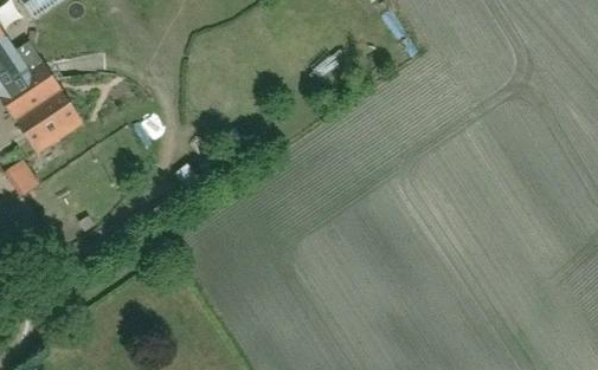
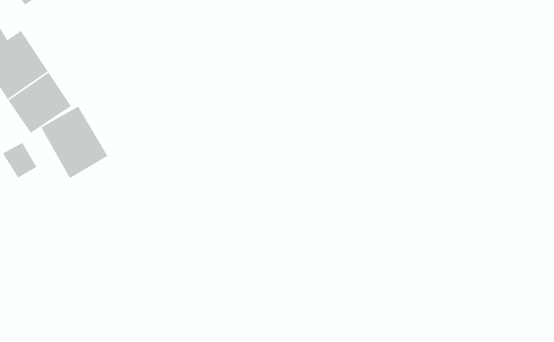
building: none -> [40,105,108,179]

